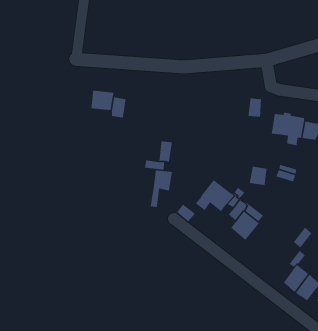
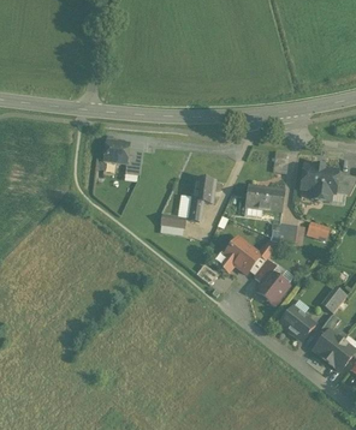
building: none -> [245,184,285,211]
building: [150,169,173,208] -> [190,178,215,220]
building: none -> [279,305,315,340]

